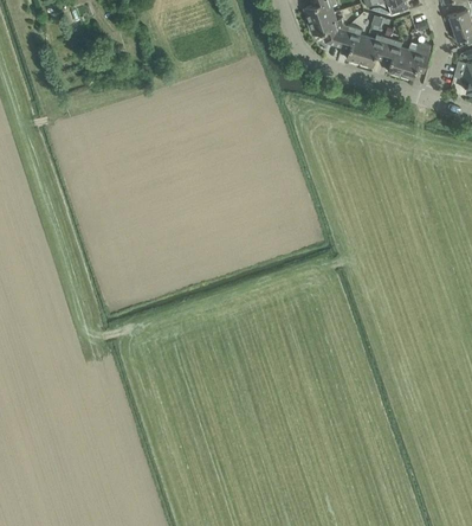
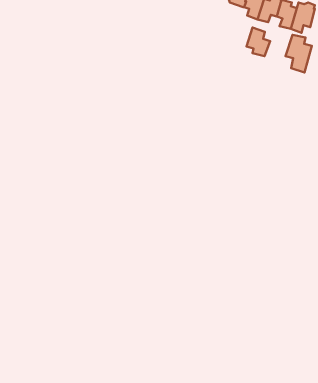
building: none -> [247,27,270,56]
building: none -> [286,35,312,73]

